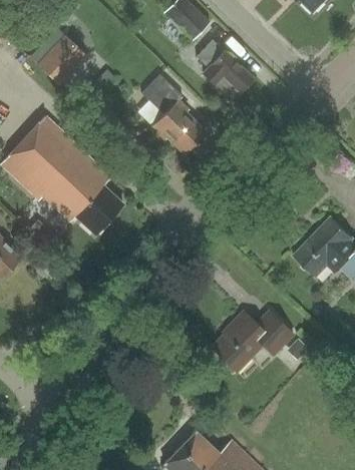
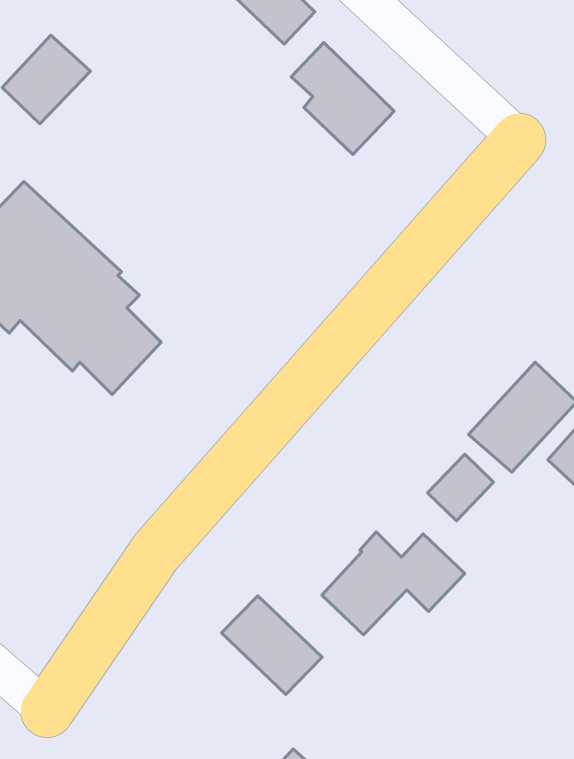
building: [139,73,204,153] -> none
building: none -> [428,454,493,521]
building: none -> [221,596,322,694]

